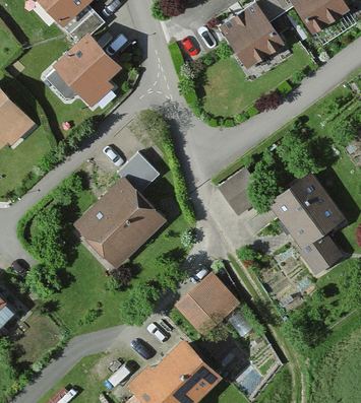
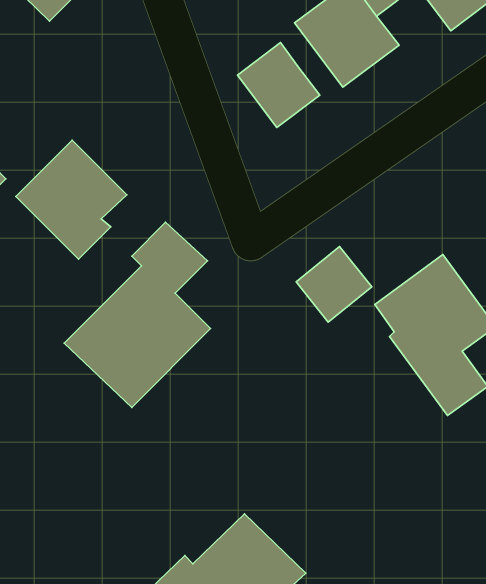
building: [53,32,123,108] -> [16,140,127,259]
building: none -> [237,42,320,128]
building: [173,274,236,336] -> none

